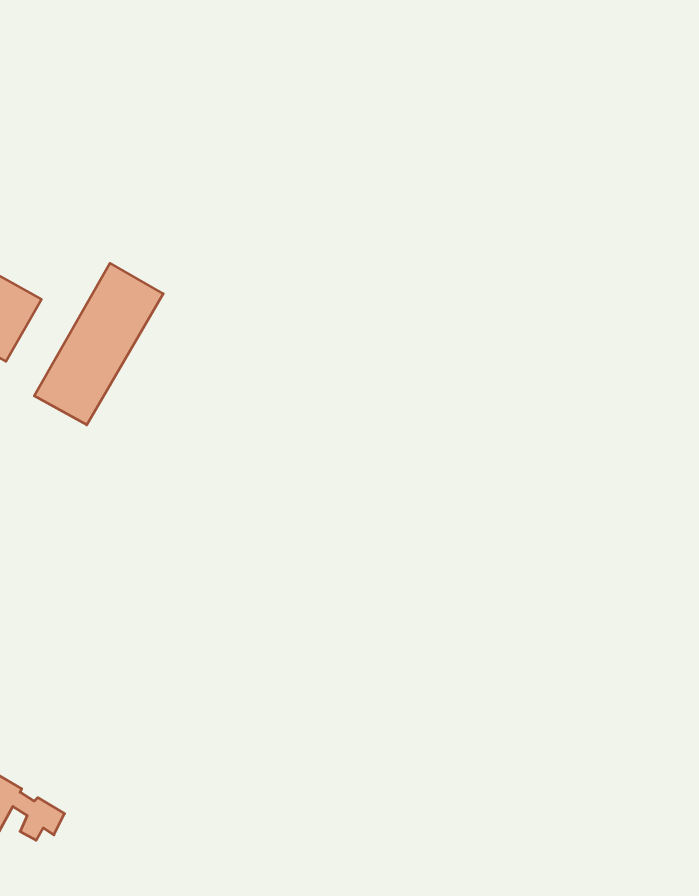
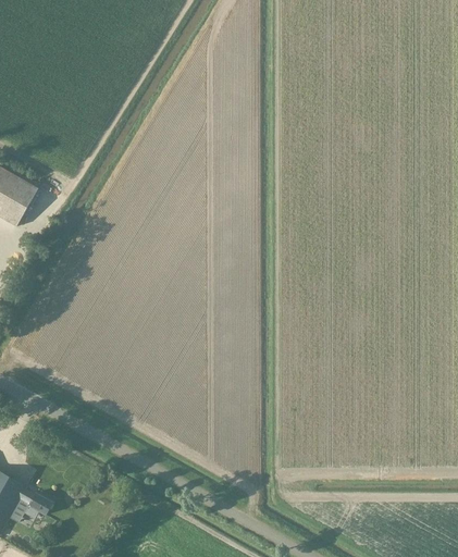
building: [34,263,163,425] -> none

